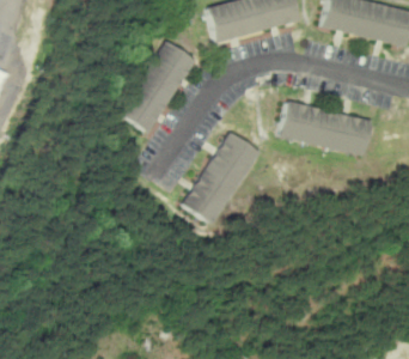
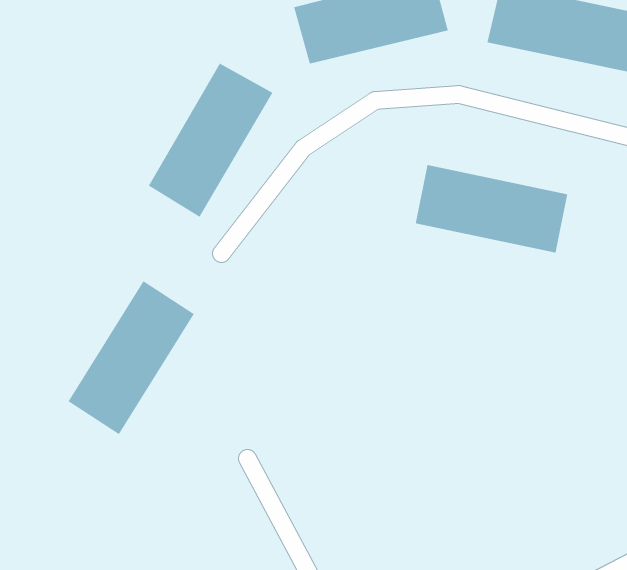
building: [182,132,258,225] -> [67,280,195,435]

